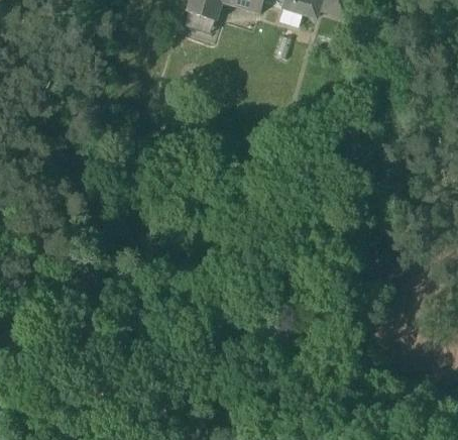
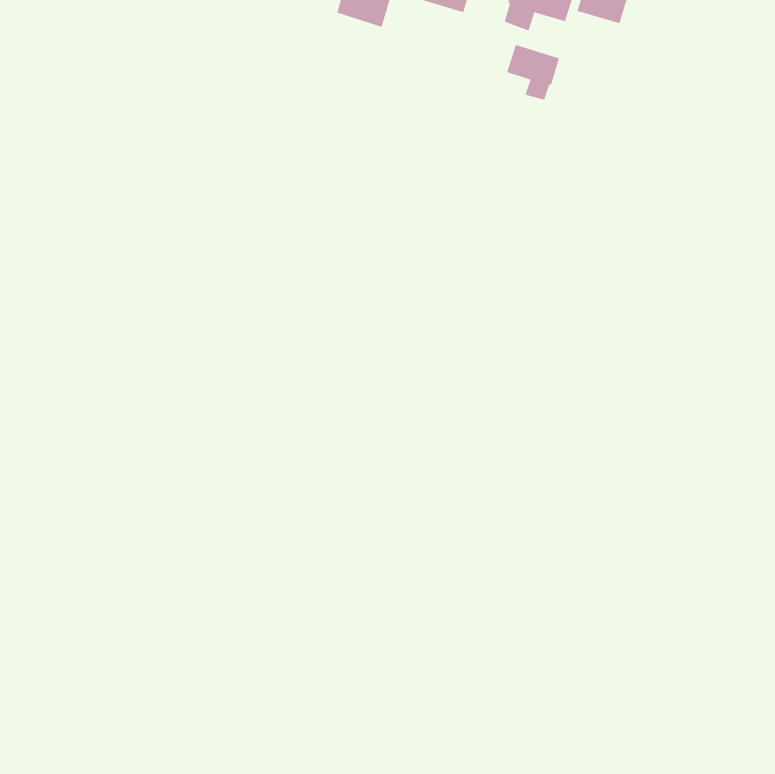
building: none -> [507,44,559,100]

